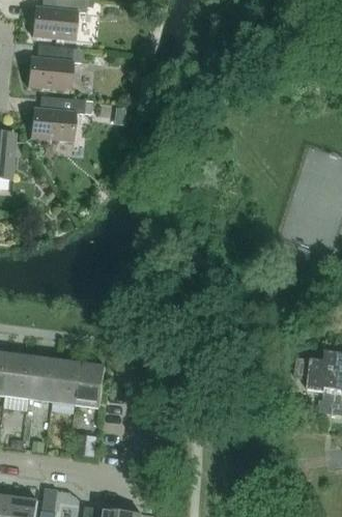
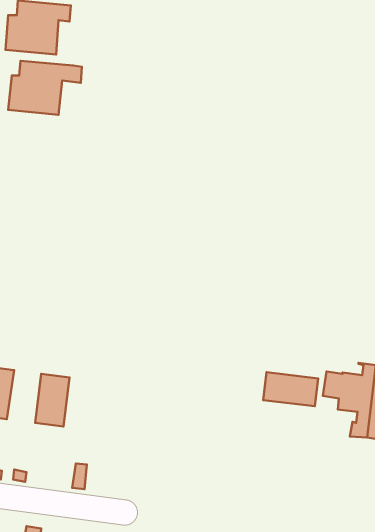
building: [29,356,58,401] -> none
building: none -> [263,372,318,406]
building: [77,363,106,407] -> none

